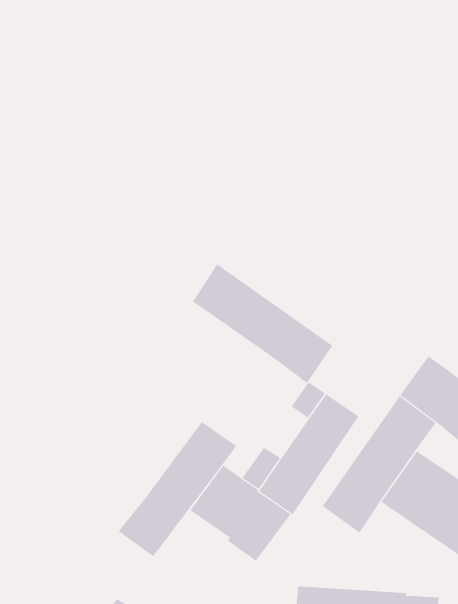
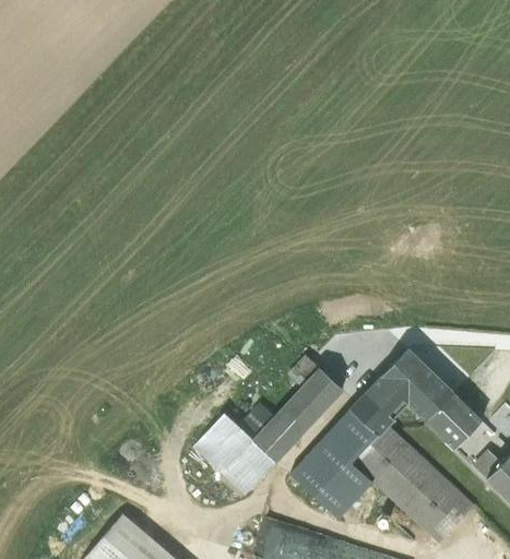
building: [192,264,333,384] -> none
building: [118,421,237,557] -> none
building: none -> [289,462,361,512]

